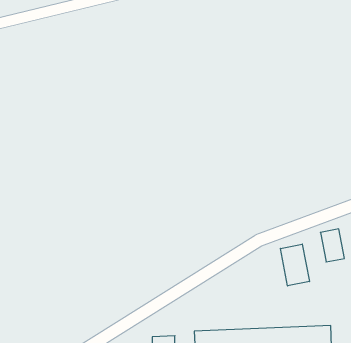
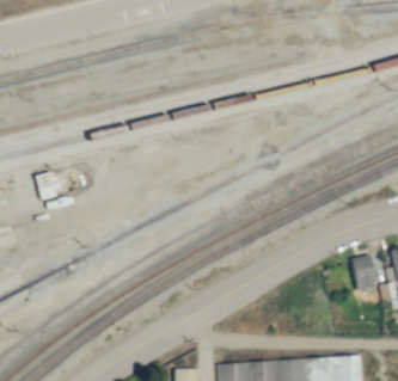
building: [280,244,309,286] -> none

